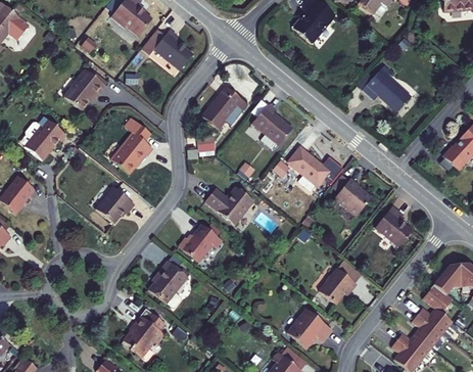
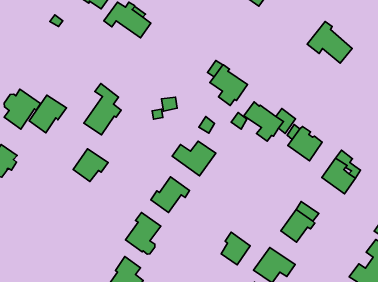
building: [63,69,105,110] -> [29,95,66,133]
building: [202,86,248,129] -> none
building: none -> [221,232,250,265]

